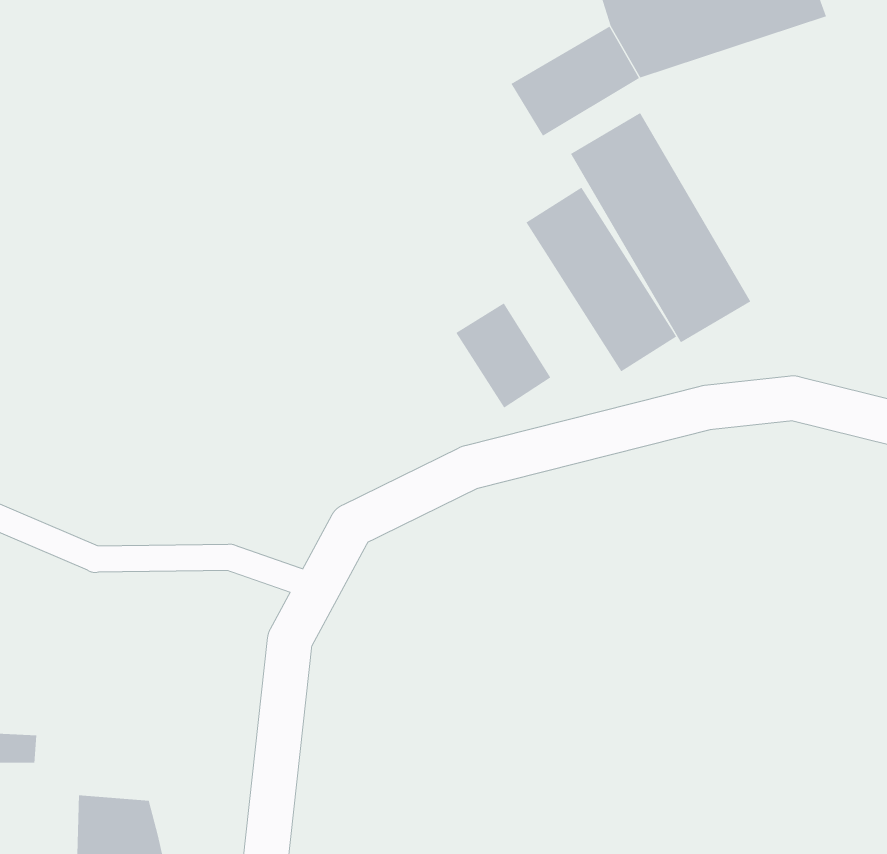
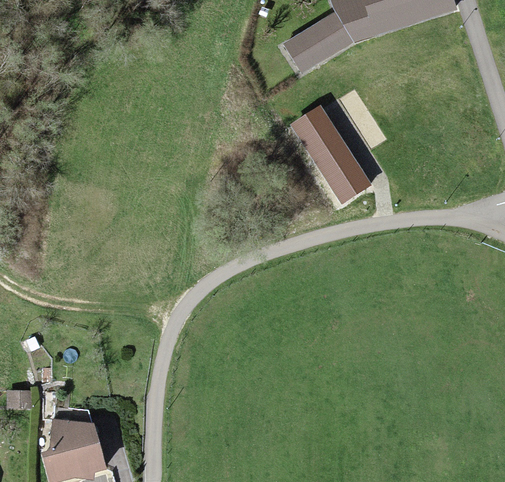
building: [570,112,751,343] -> none
building: [456,302,551,409] -> none

